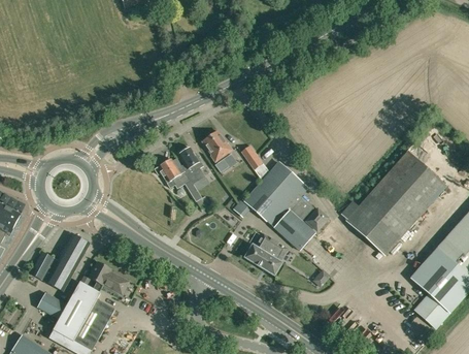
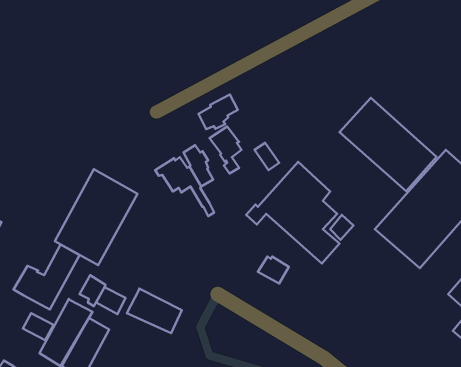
building: none -> [198,95,238,129]
building: none -> [339,98,437,191]
building: none -> [55,169,138,265]
building: [257,232,288,275] -> none
building: none -> [127,289,182,333]

